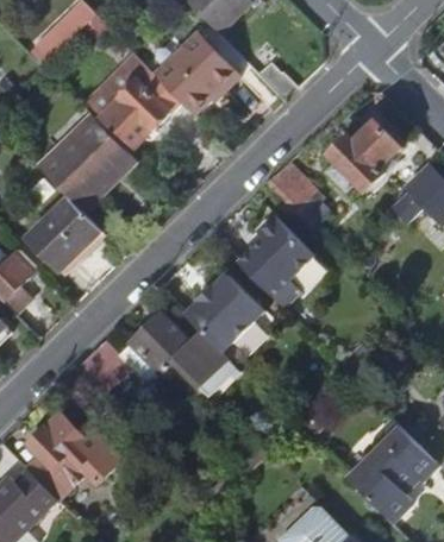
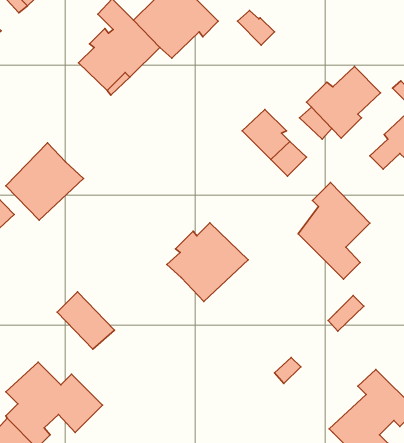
building: [40,118,132,214] -> none
building: [237,210,308,307] -> [298,183,370,279]
building: [115,311,230,391] -> none

